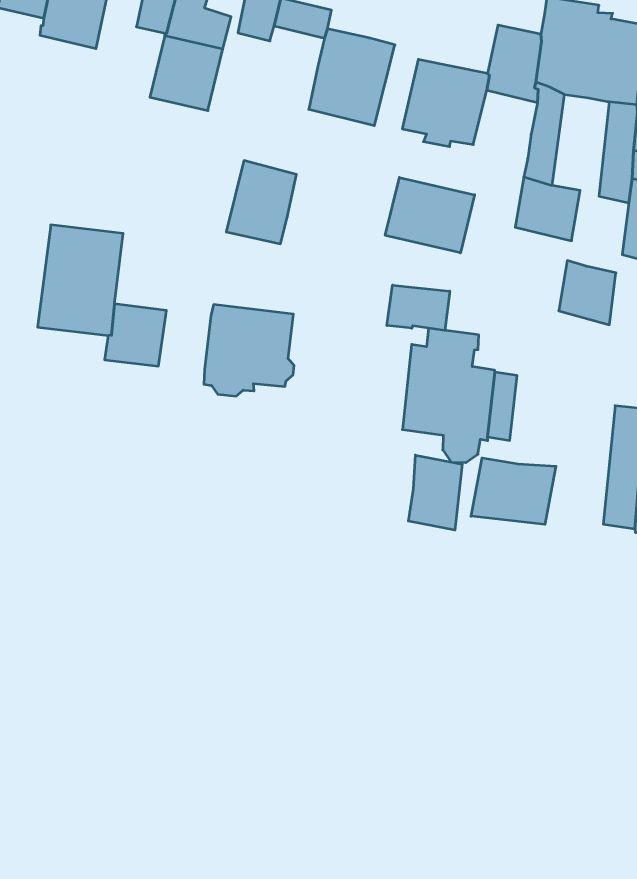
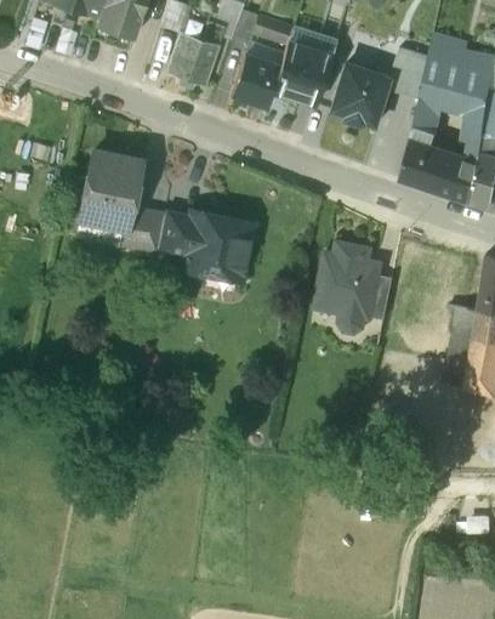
building: [226,161,296,244] -> [229,50,279,107]
building: [385,177,475,253] -> none
building: [559,261,616,325] -> [437,159,477,204]
building: [387,285,450,330] -> none
building: none -> [158,215,194,256]
building: [408,455,462,530] -> none
building: [471,458,556,524] -> none

